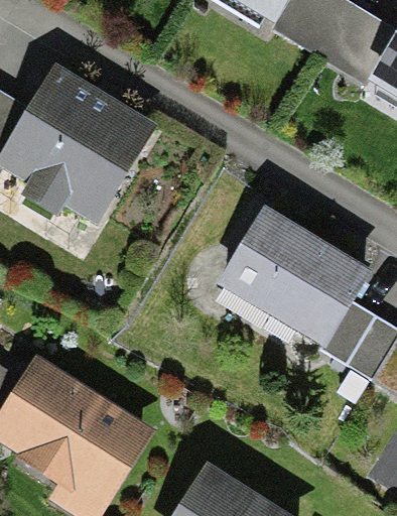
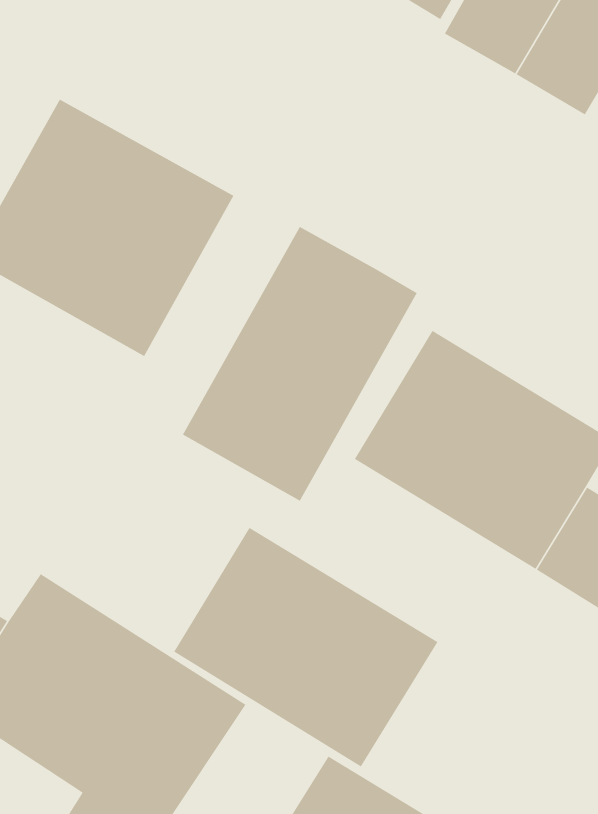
building: none -> [182,226,418,502]
building: none -> [173,527,438,768]

